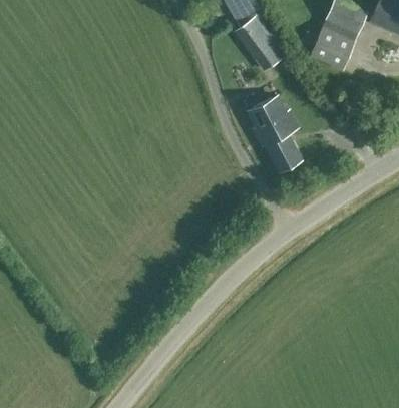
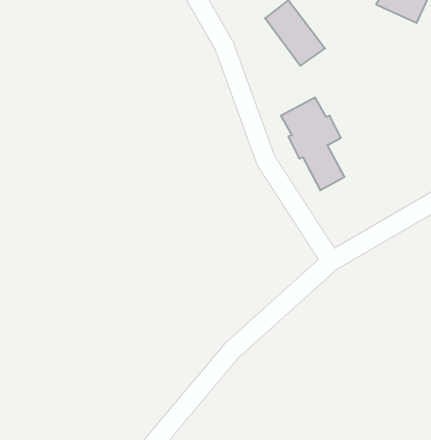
building: [302,28,355,70] -> none

